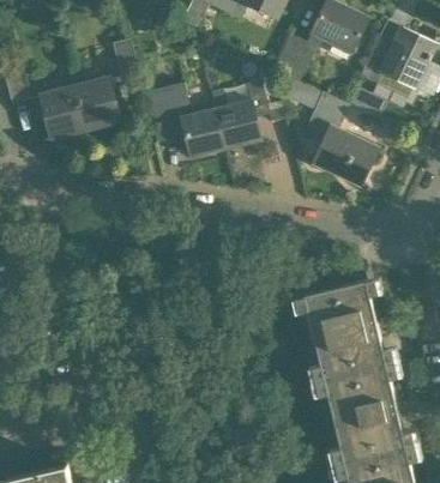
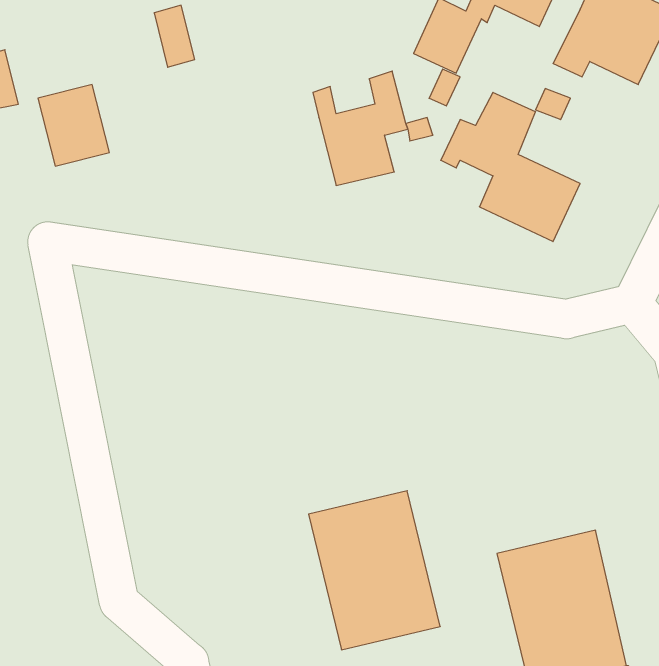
building: [73,79,117,129] -> none
building: [144,85,224,159] -> none
building: [303,279,385,378] -> [309,491,440,650]

